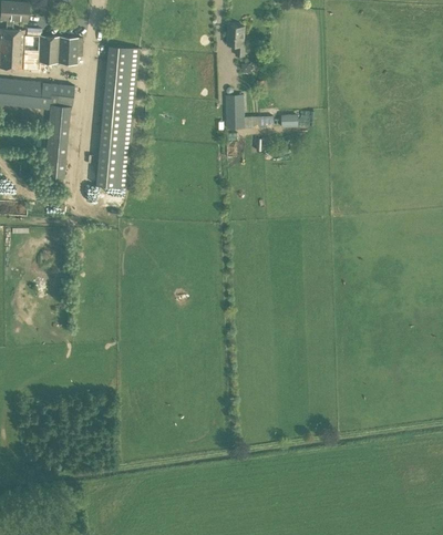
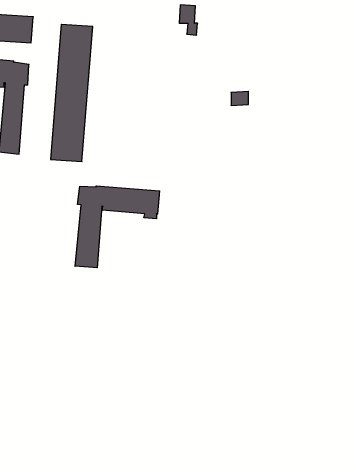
building: [225,95,272,128] -> none
building: none -> [75,186,160,268]

